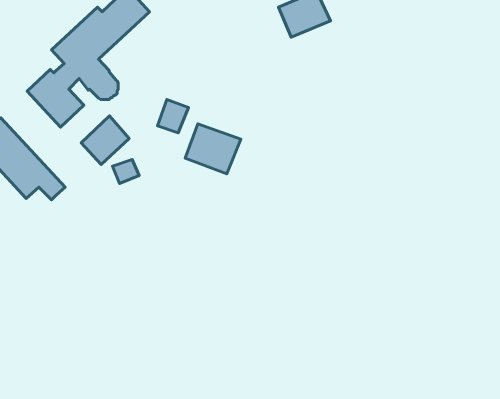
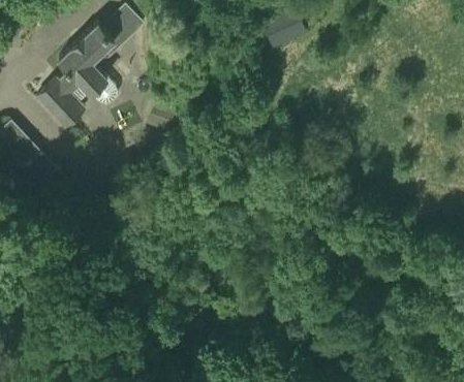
building: [81,116,129,164] -> none
building: [185,124,241,174] -> none

